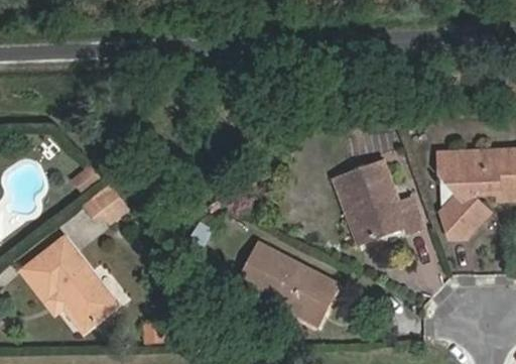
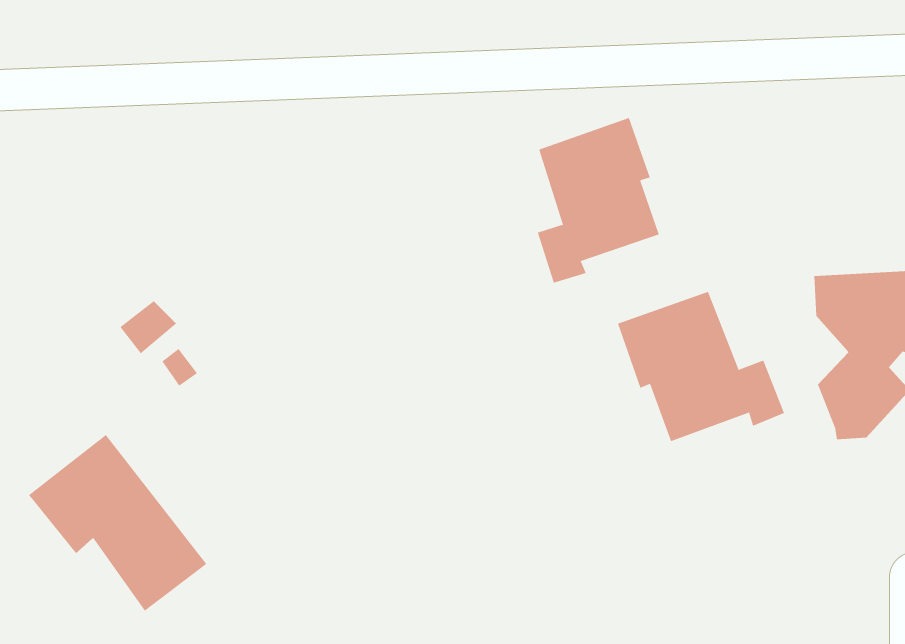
building: none -> [537,117,659,284]
building: [237,243,339,325] -> none

